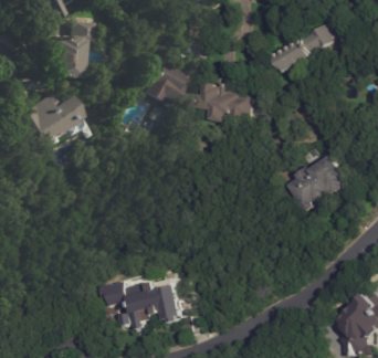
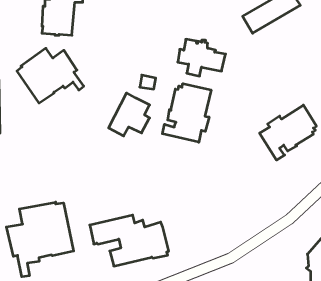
building: [141,56,187,104] -> [109,93,150,136]
building: none -> [162,84,211,142]
building: none -> [6,202,74,277]

